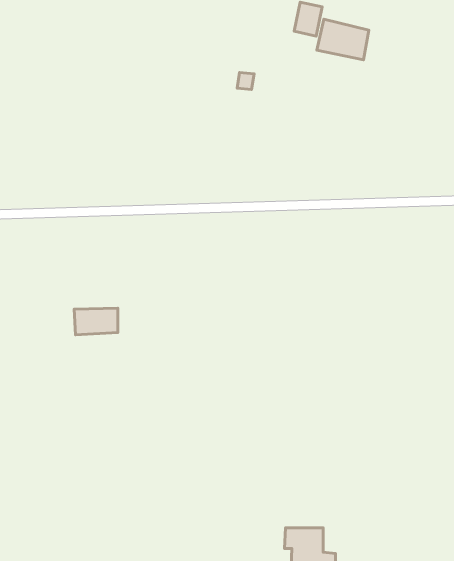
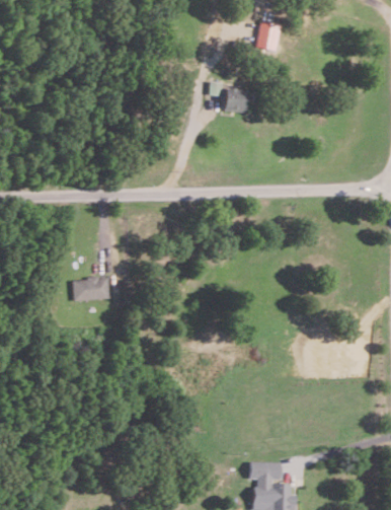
building: [317,19,369,60] -> none
building: none -> [225,86,247,113]

